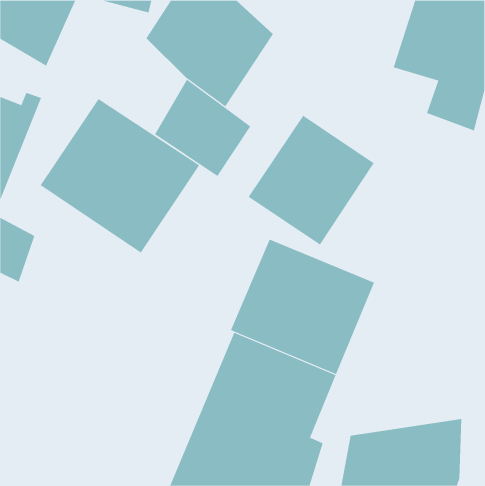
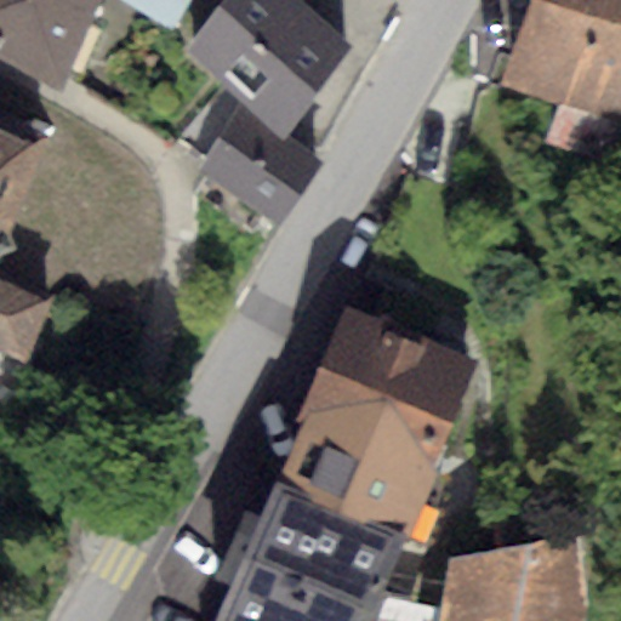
building: [40,98,200,254] -> none
building: [248,115,375,245] -> none

